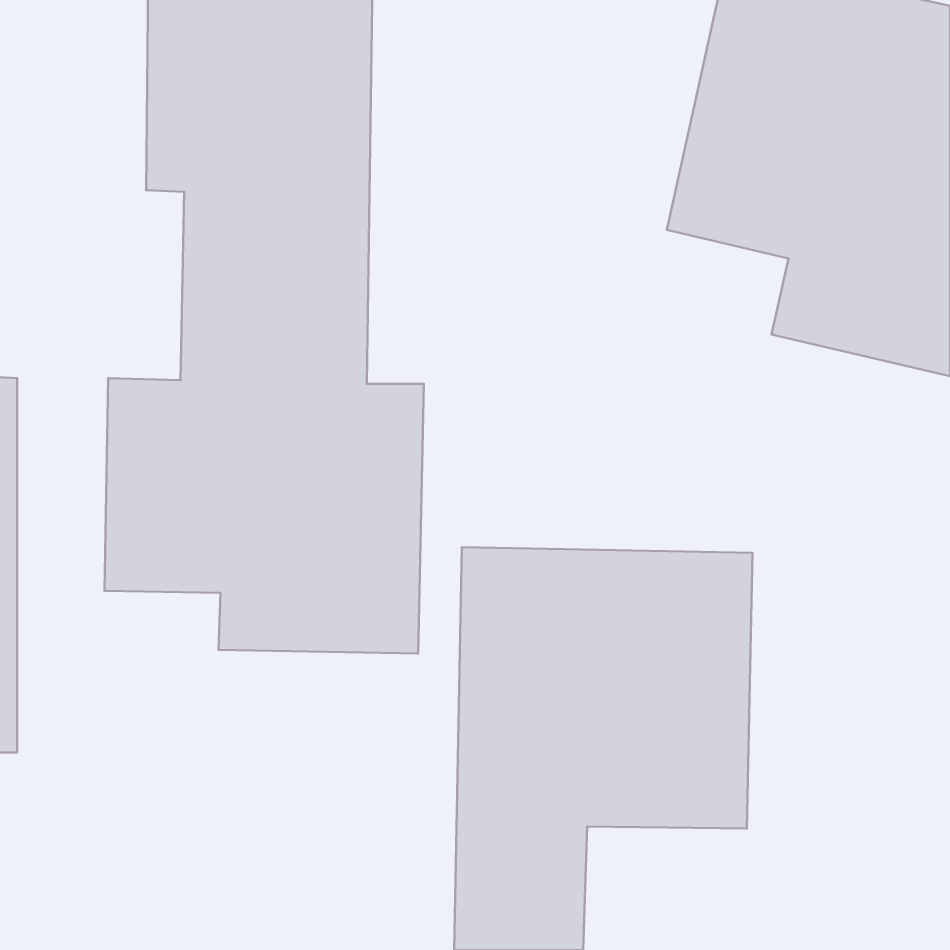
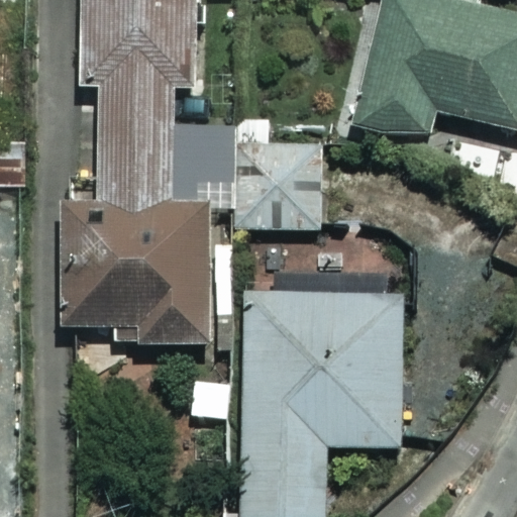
building: none -> [235,139,319,225]

